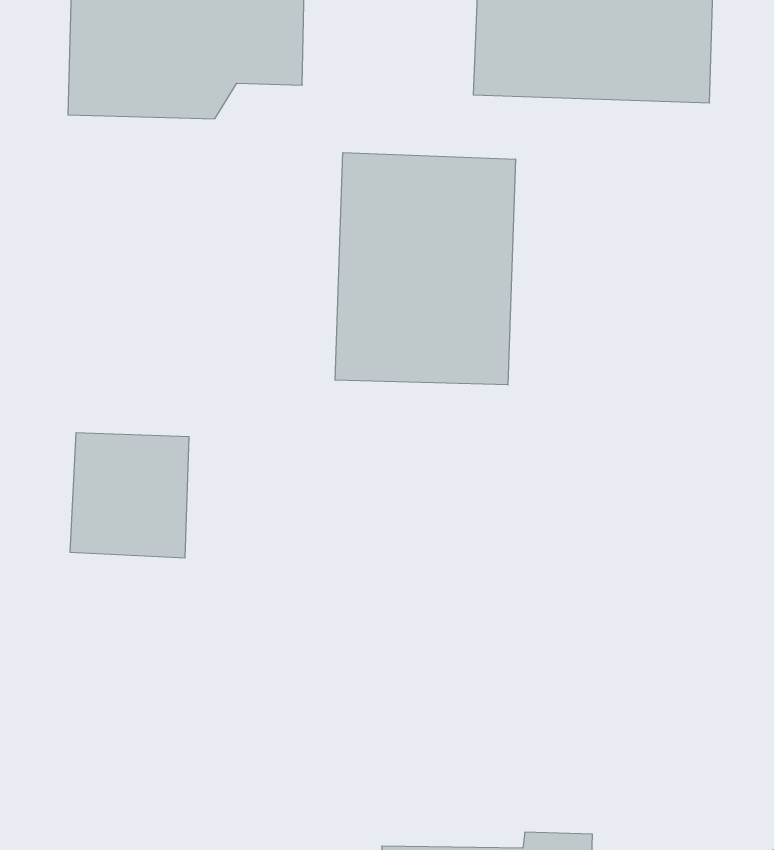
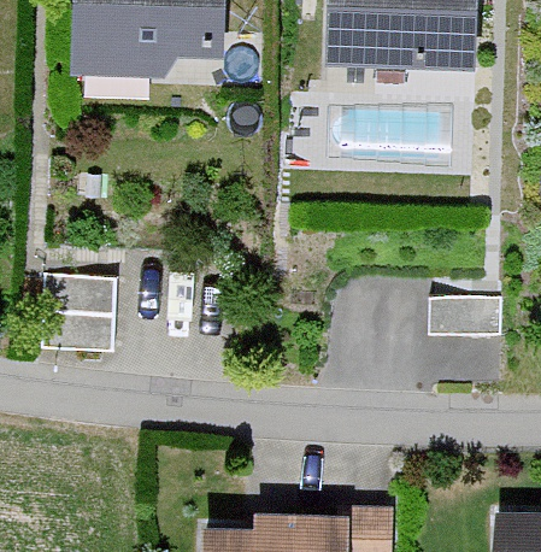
building: [335,153,515,385] -> none

